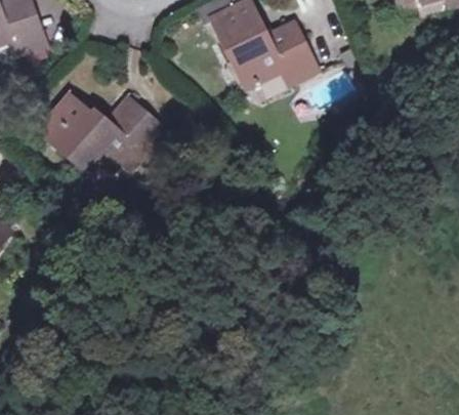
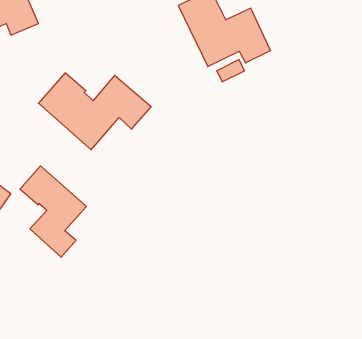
building: none -> [20,166,86,257]

